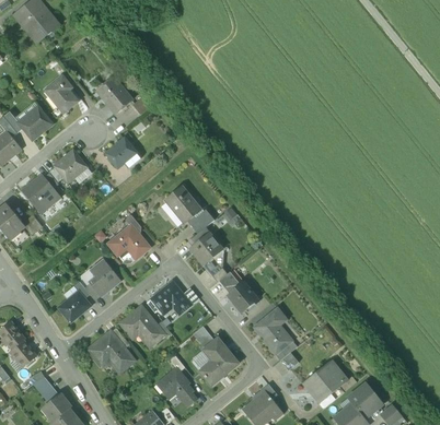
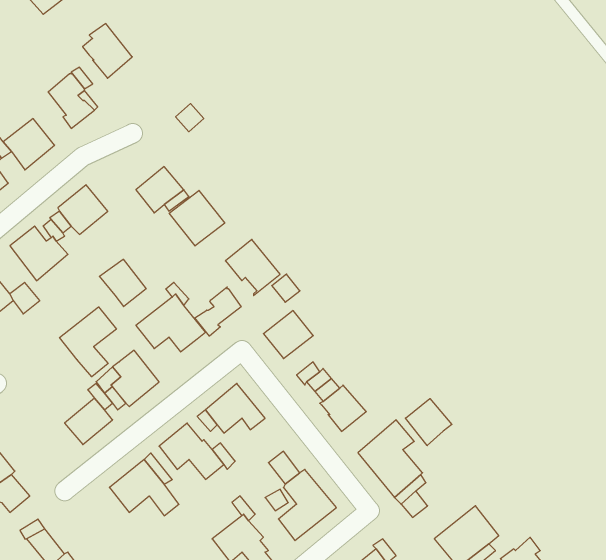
building: [99,78,131,114] -> [83,24,132,78]
building: none -> [169,190,225,246]
building: none -> [99,259,146,307]
building: none -> [195,287,241,336]
building: none -> [60,307,116,377]
building: none -> [405,399,452,446]

